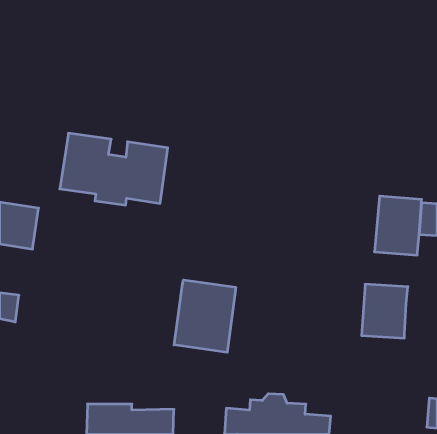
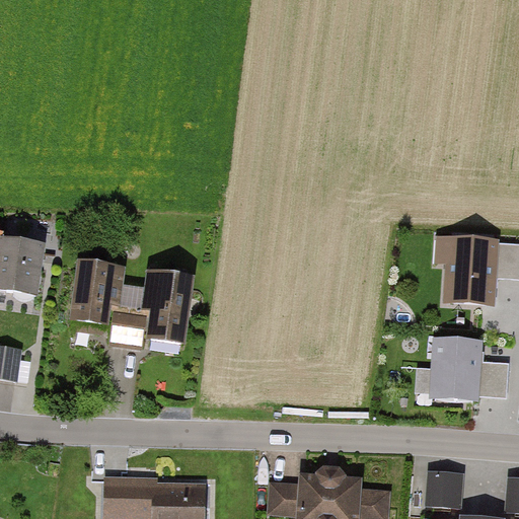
building: [60,133,168,205] -> [65,262,193,347]
building: [174,280,236,352] -> none
building: none -> [478,360,509,397]
building: none -> [425,466,463,503]

